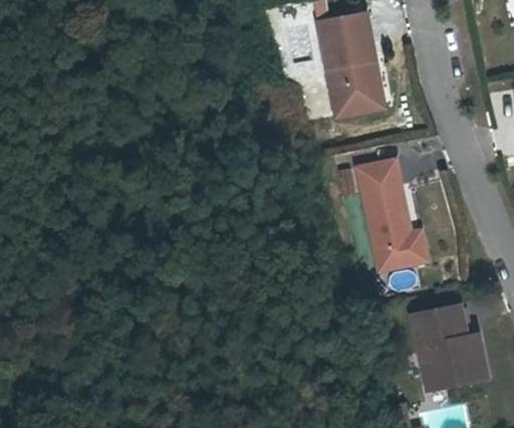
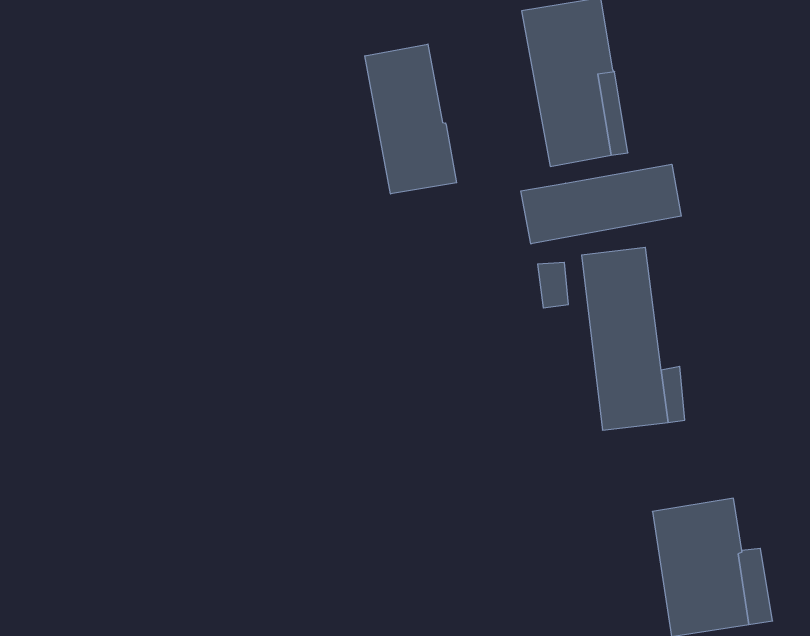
building: none -> [365,44,457,194]
building: none -> [521,164,681,244]

